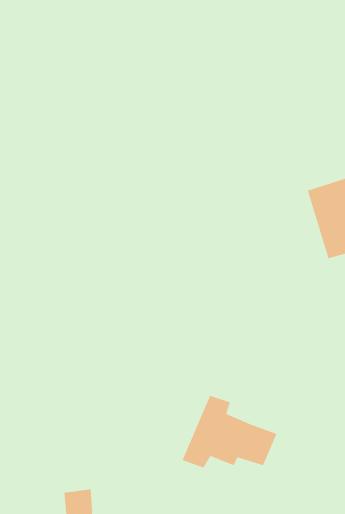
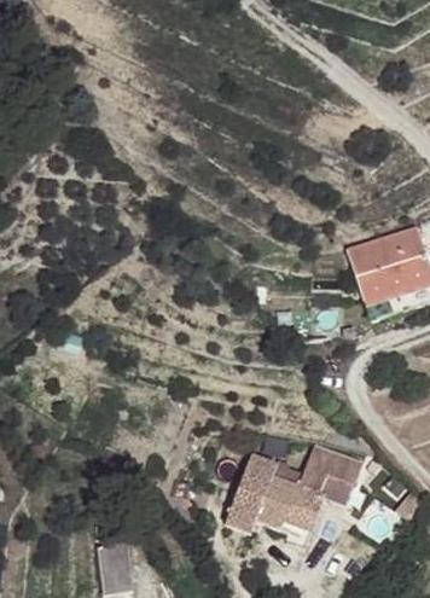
building: none -> [295,445,359,494]

